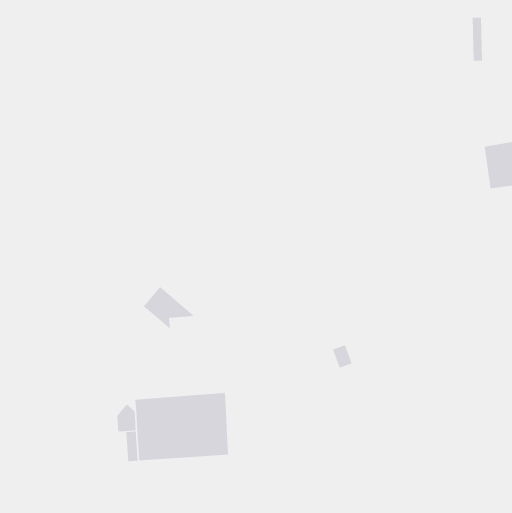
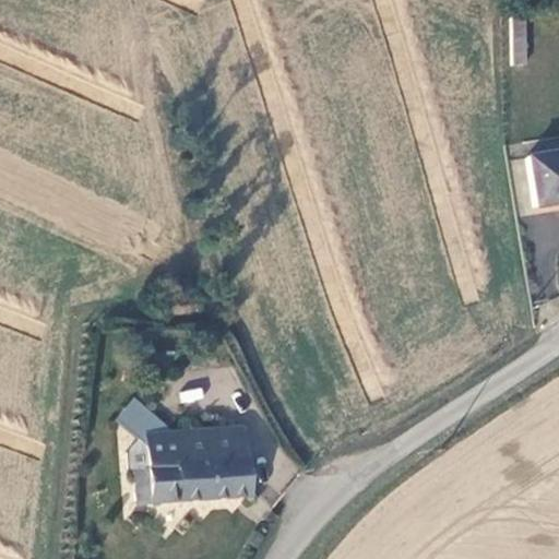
building: [143,286,195,330] -> [118,400,175,448]

